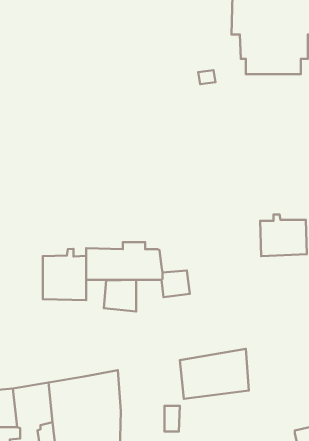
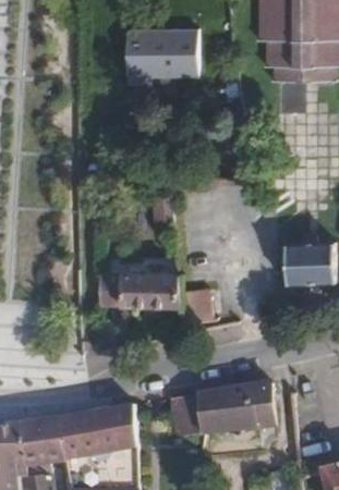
building: none -> [123,25,193,81]
building: [43,249,86,300] -> none
building: [104,280,136,311] -> none
building: none -> [170,392,202,436]

